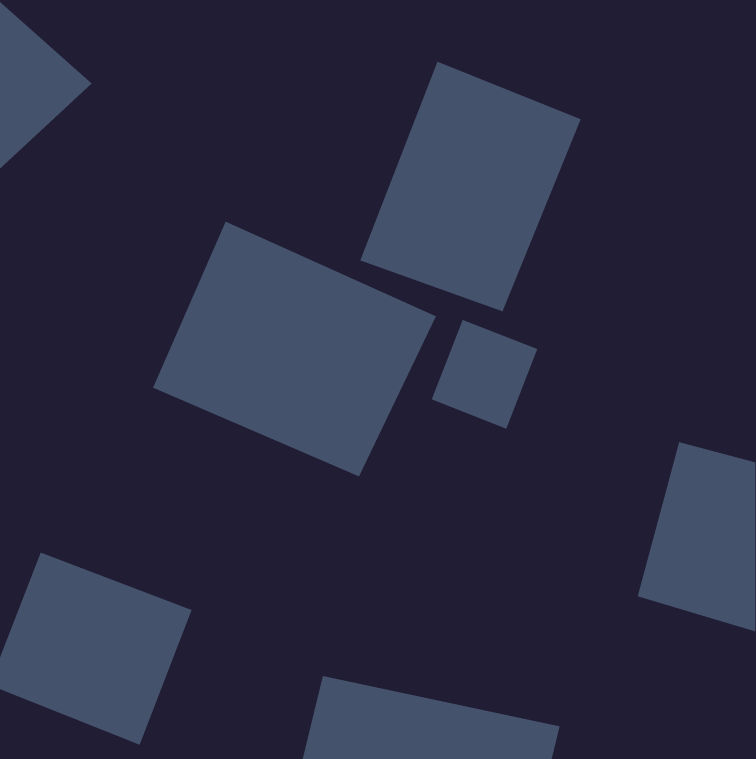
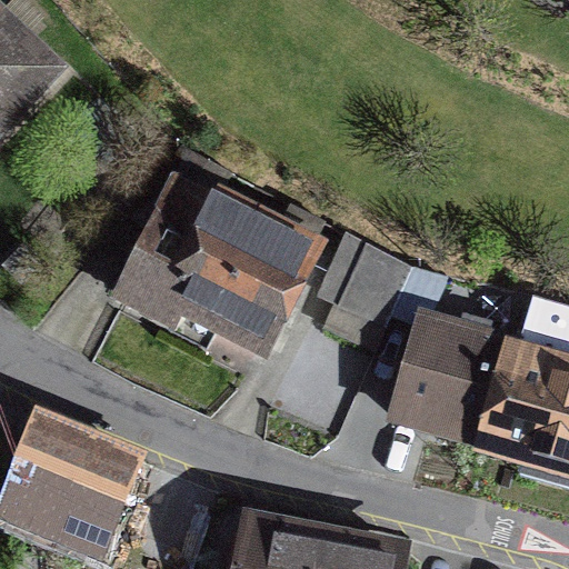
building: [359,61,581,312] -> none
building: none -> [386,312,506,447]

